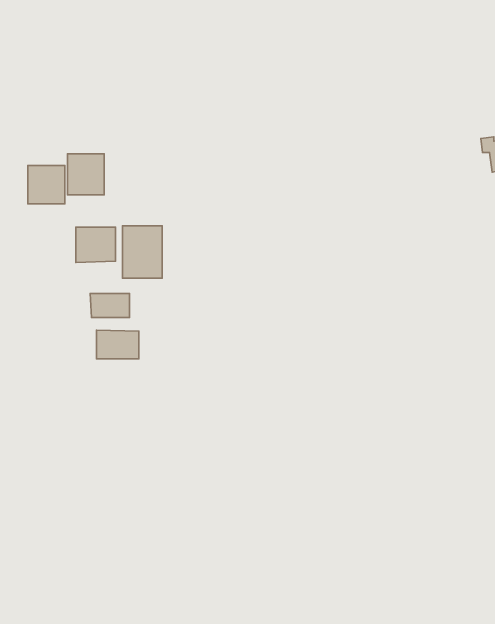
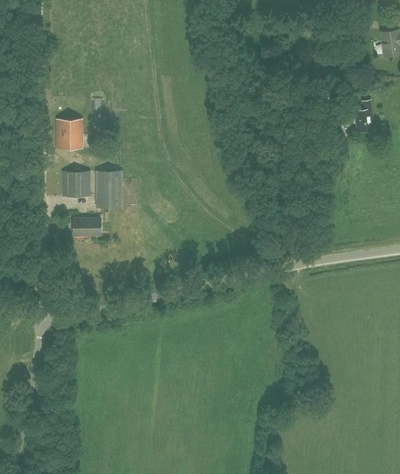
building: [28,166,65,204] -> none
building: [96,330,139,359] -> none

